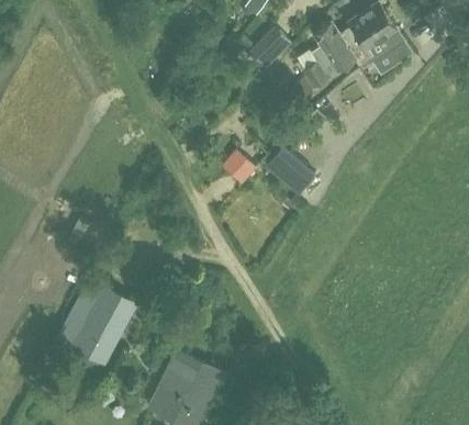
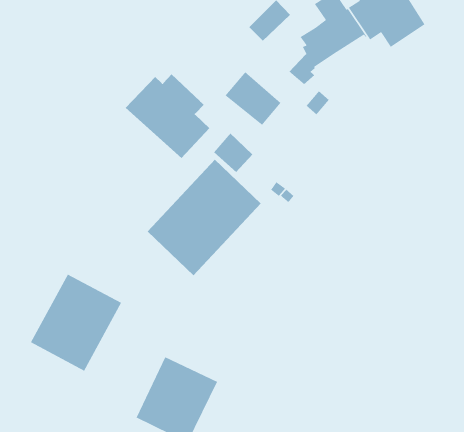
building: none -> [125,74,210,159]
building: [264,144,315,193] -> [224,71,281,126]
building: none -> [147,159,261,276]

